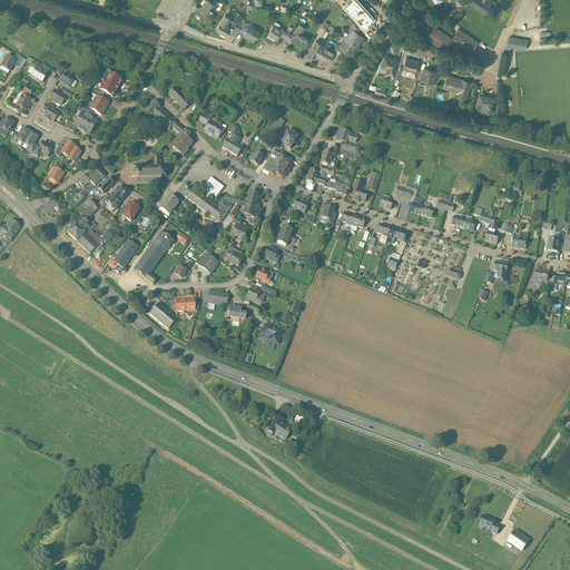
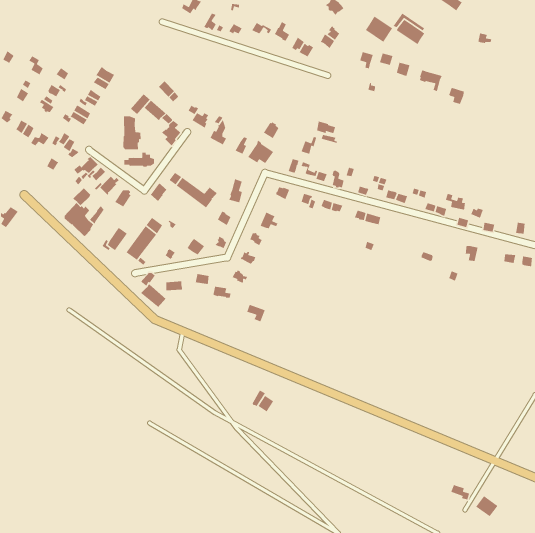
building: [448,27,478,56] -> [365,16,393,43]
building: none -> [123,115,141,150]

